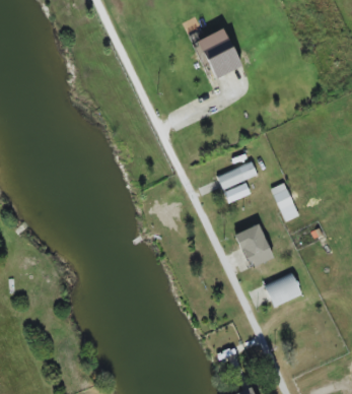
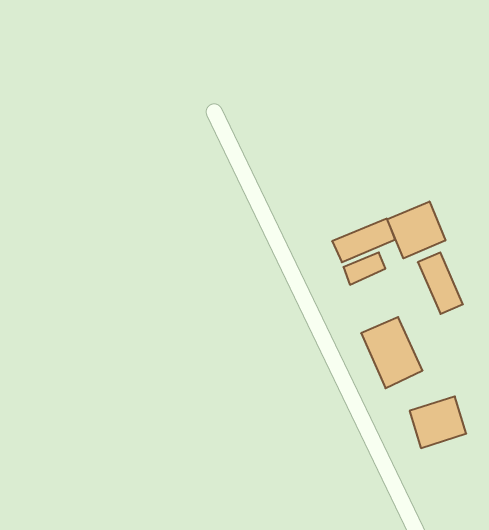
building: [198,28,241,78] -> none
building: none -> [387,201,445,258]

